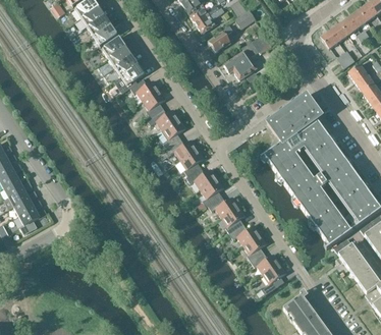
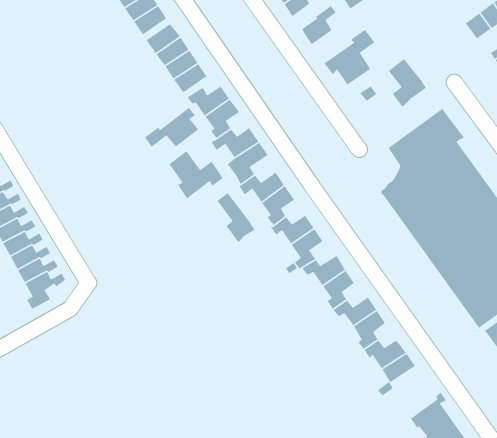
building: none -> [388,58,427,108]
building: none -> [144,107,199,148]
building: none -> [169,150,223,200]
building: none -> [216,192,255,243]

